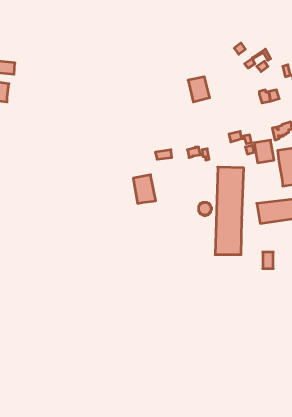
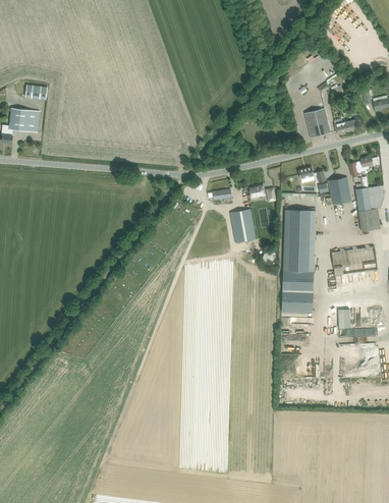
building: [188,77,210,102] -> [304,108,330,137]
building: [133,175,156,203] -> [230,209,257,242]

